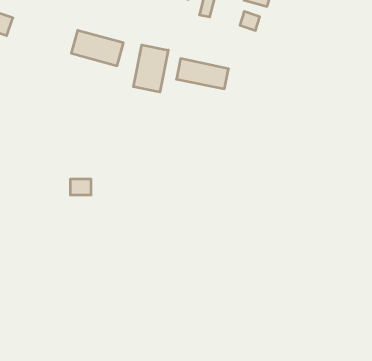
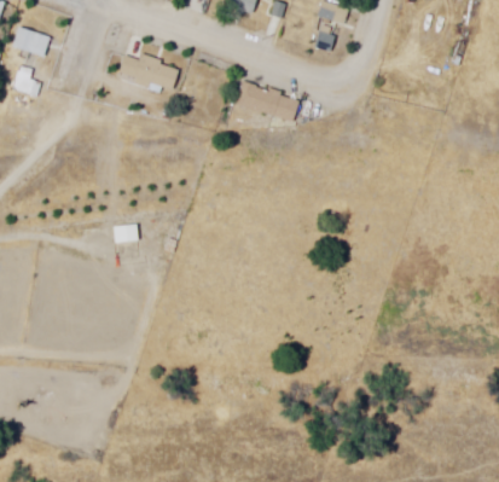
building: [133,45,168,92] -> none

